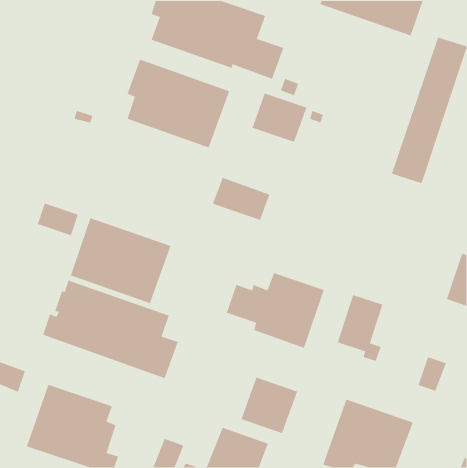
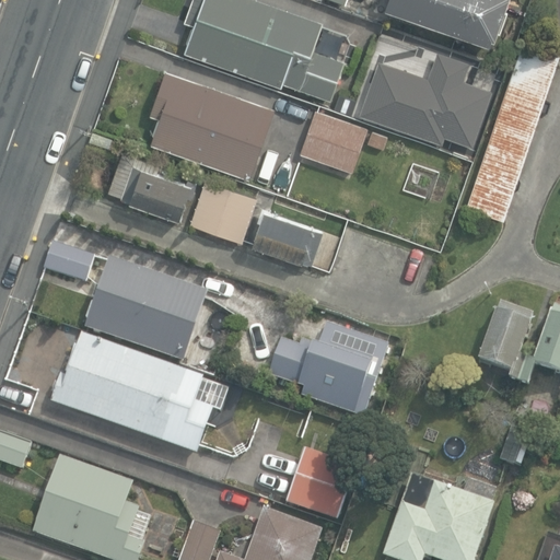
building: none -> [359,51,493,148]
building: none -> [108,151,256,241]
building: [337,294,384,362] -> [475,296,530,377]

